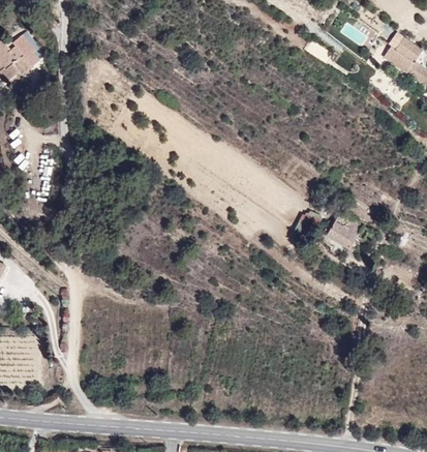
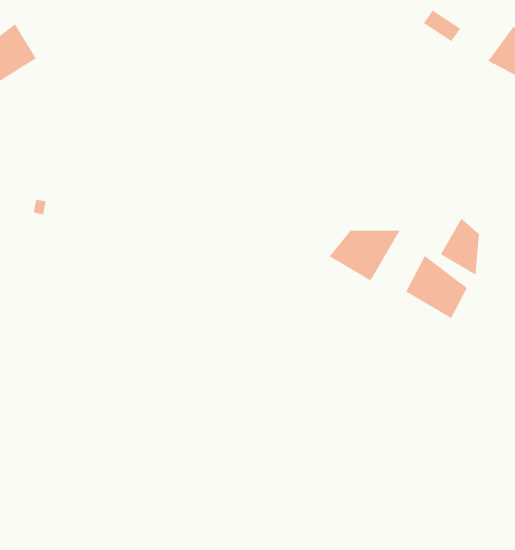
building: none -> [440,218,480,276]
building: none -> [329,230,401,281]

